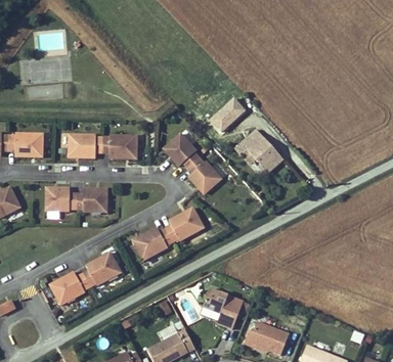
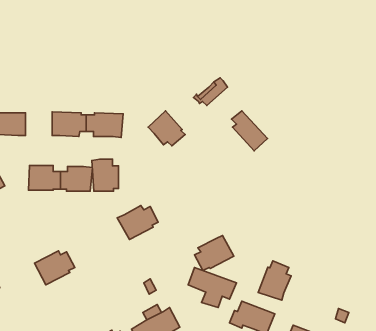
building: [187,156,223,195] -> none
building: none -> [92,159,119,191]
building: [166,209,205,243] -> [195,235,234,270]
building: [83,252,123,288] -> none
building: none -> [258,261,291,300]

